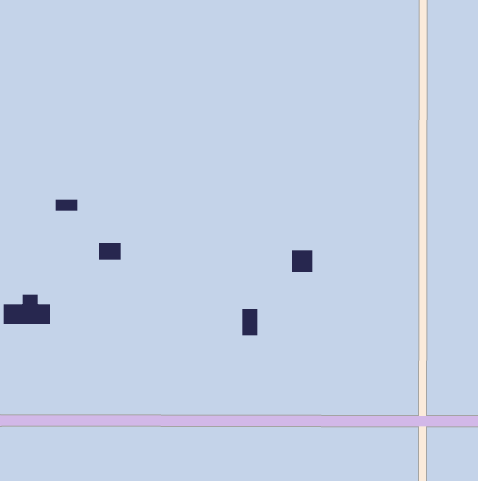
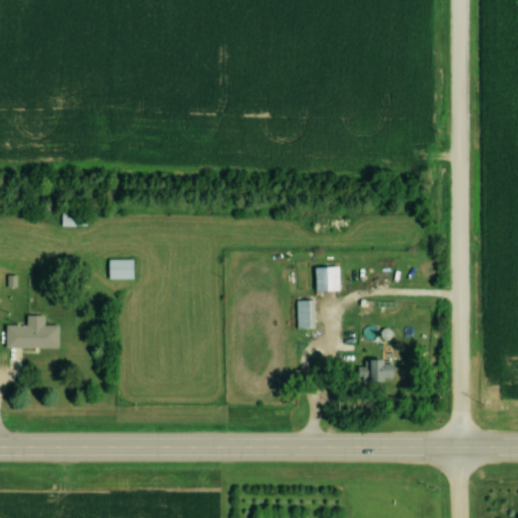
building: [241,308,258,336] -> [297,300,316,330]
building: none -> [362,361,393,384]

